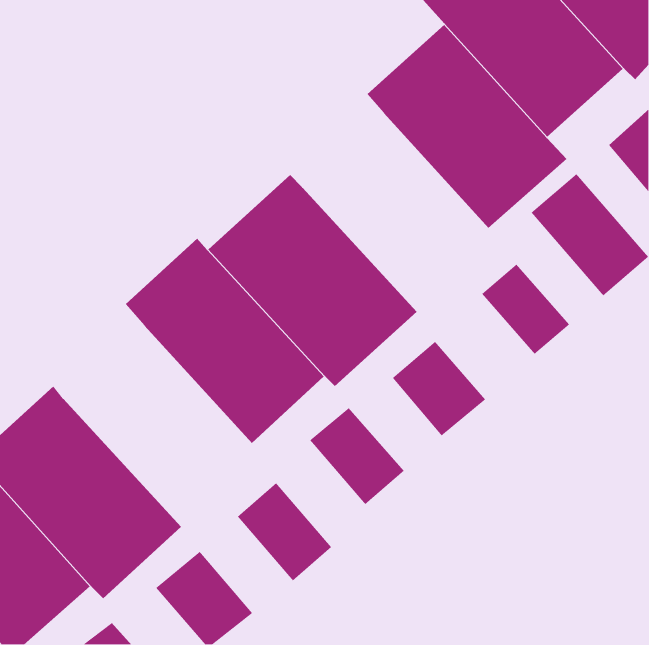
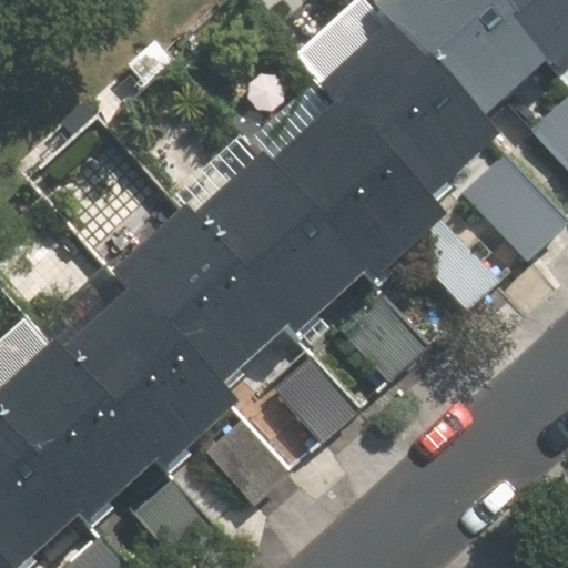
building: none -> [264,99,442,280]
building: none -> [55,284,237,470]

